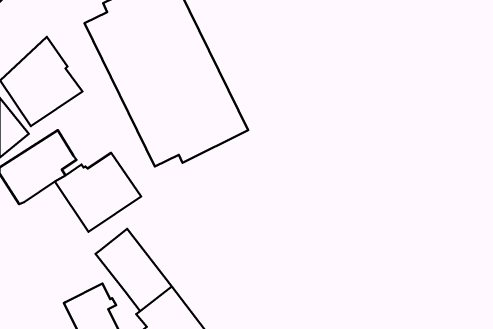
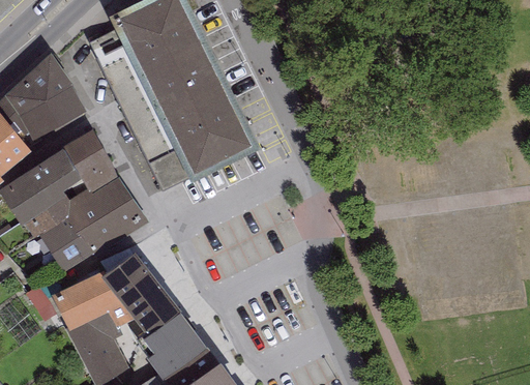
building: none -> [60,127,117,189]
building: none -> [26,203,93,273]
building: none -> [51,270,131,329]

